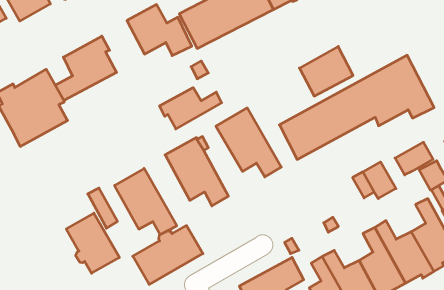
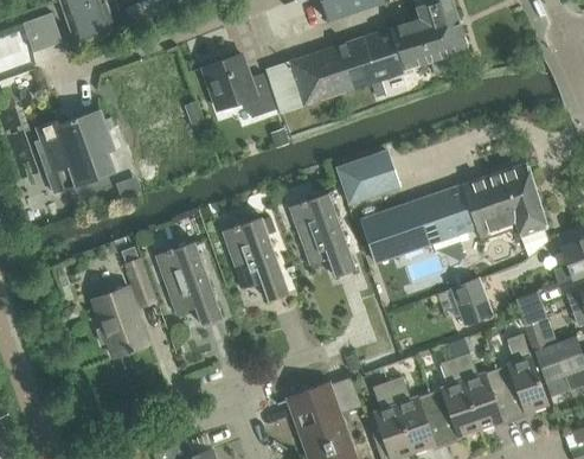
building: [55,36,117,100] -> none
building: [299,46,353,96] -> [336,149,398,203]
building: [160,88,222,129] -> none
building: [395,142,433,175] -> none
building: [133,226,203,284] -> none

